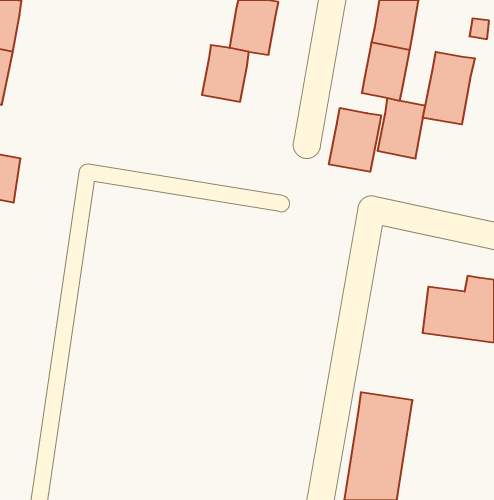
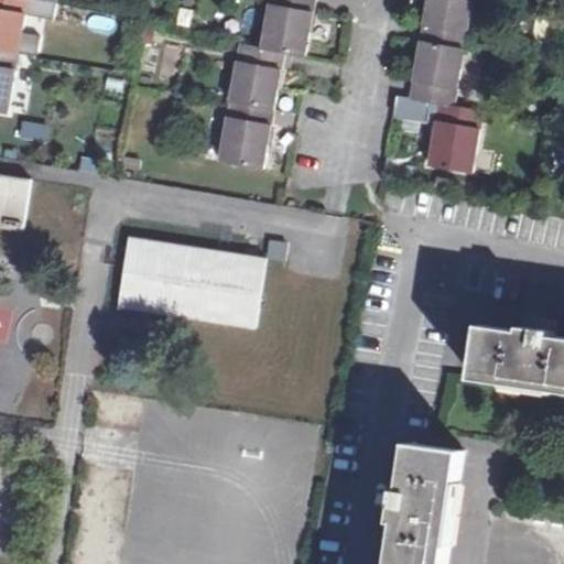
building: [423,52,475,124] -> none
building: none -> [216,107,270,174]
building: [329,108,381,172] -> none
building: none -> [113,235,265,329]

